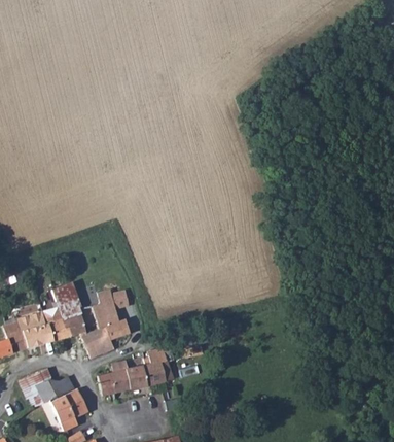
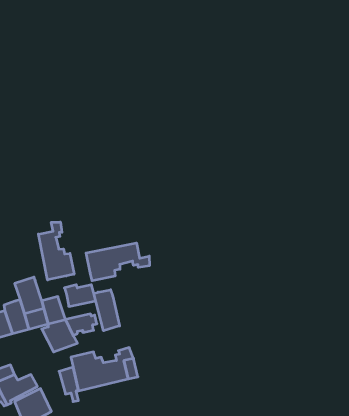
building: none -> [38,222,74,280]
building: none -> [86,243,149,281]
building: none -> [94,290,120,331]

